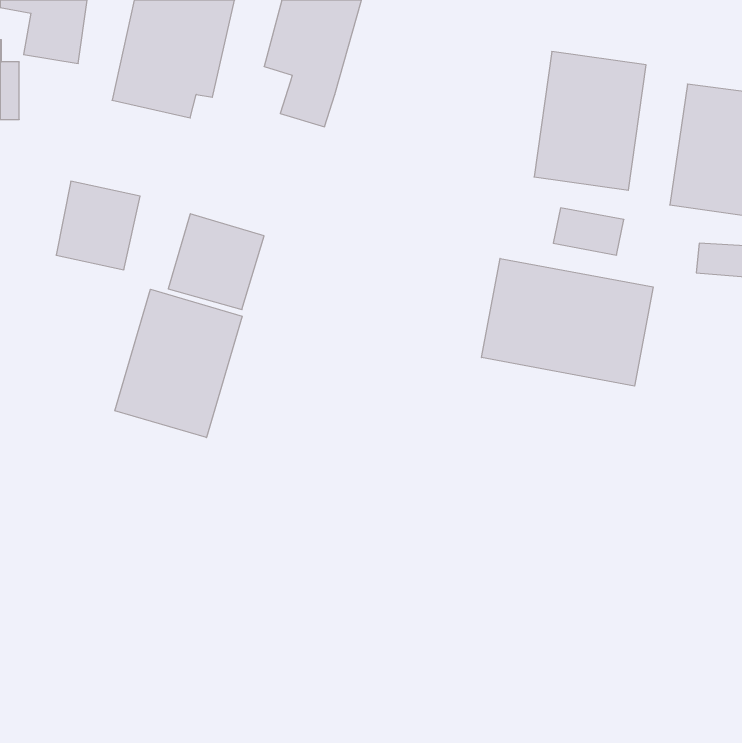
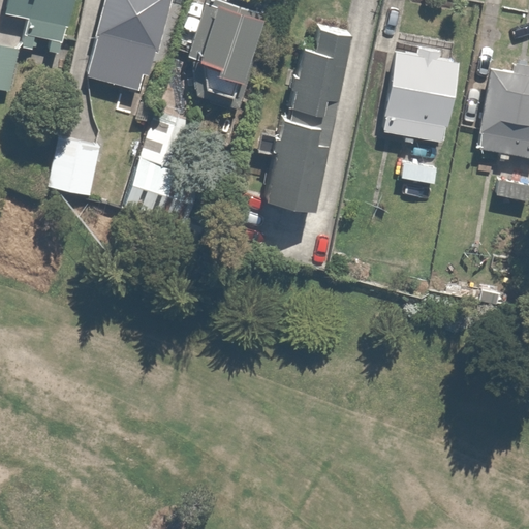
building: none -> [266,19,352,206]
building: [482,258,653,386] -> none
building: [115,289,242,438] -> none

